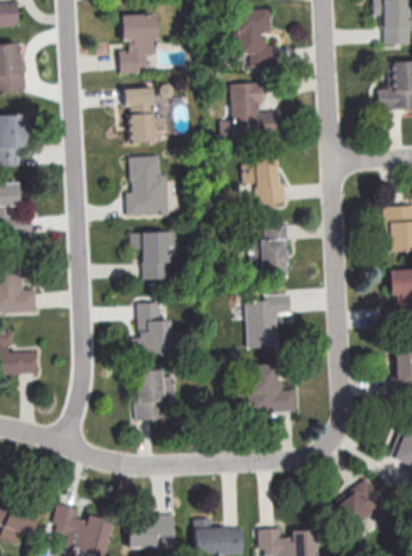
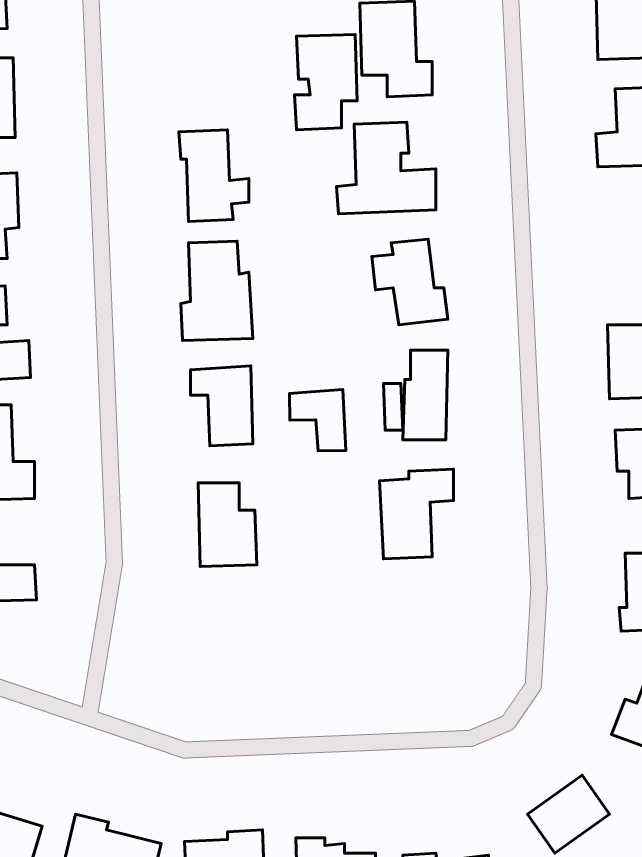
building: [120,13,158,71] -> [295,34,357,130]
building: none -> [289,390,346,451]
building: [249,364,297,411] -> none
building: [137,369,164,421] -> none

